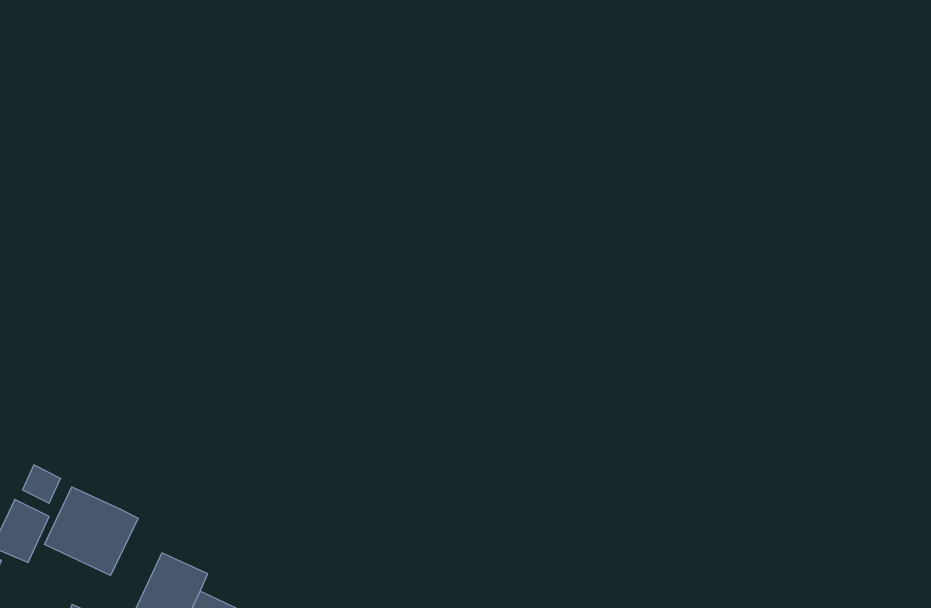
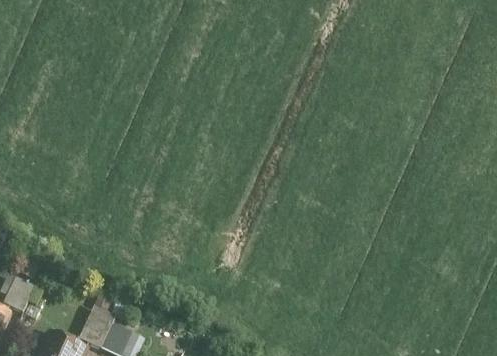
building: [44,487,138,575] -> none

